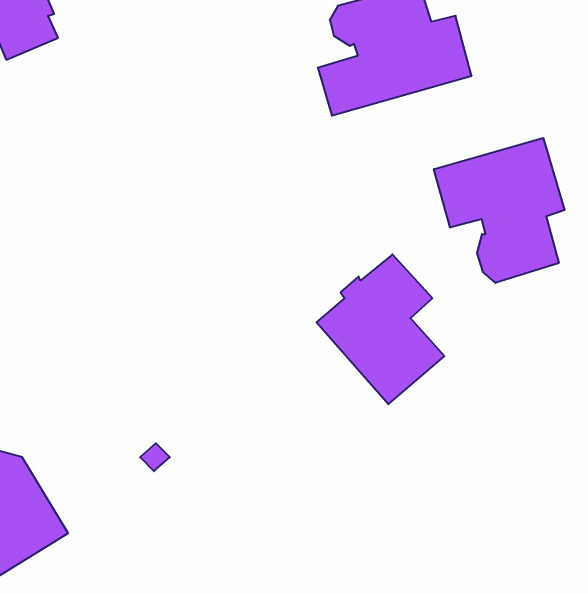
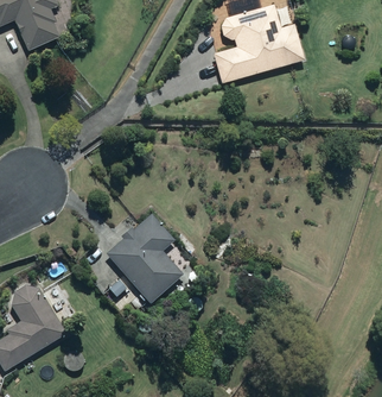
building: [434,138,565,283] -> none
building: [317,254,444,404] -> [107,213,183,302]

